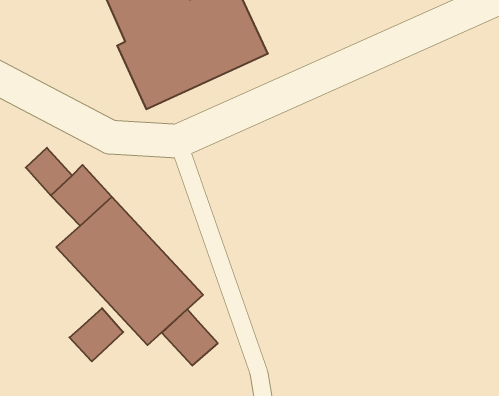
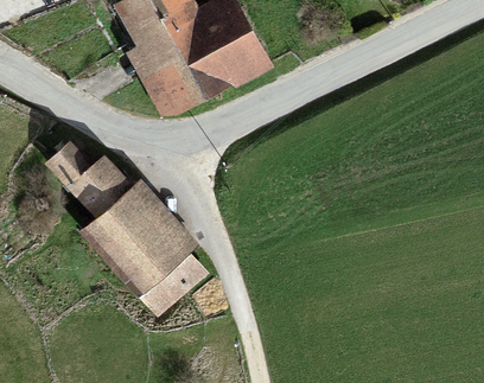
building: [69,308,123,361] -> none
building: [162,309,218,366] -> none

